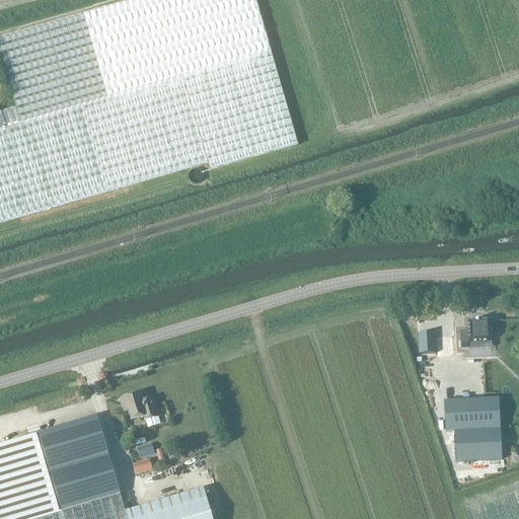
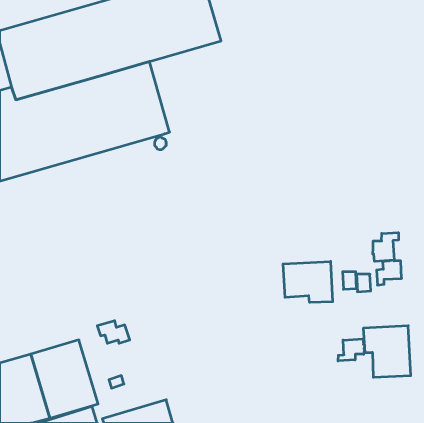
building: [182,50,298,168] -> none
building: none -> [373,233,398,261]
building: none -> [283,261,333,302]
building: none -> [338,339,364,361]

